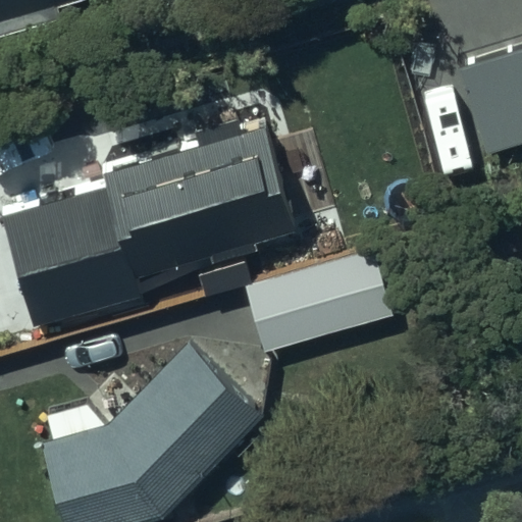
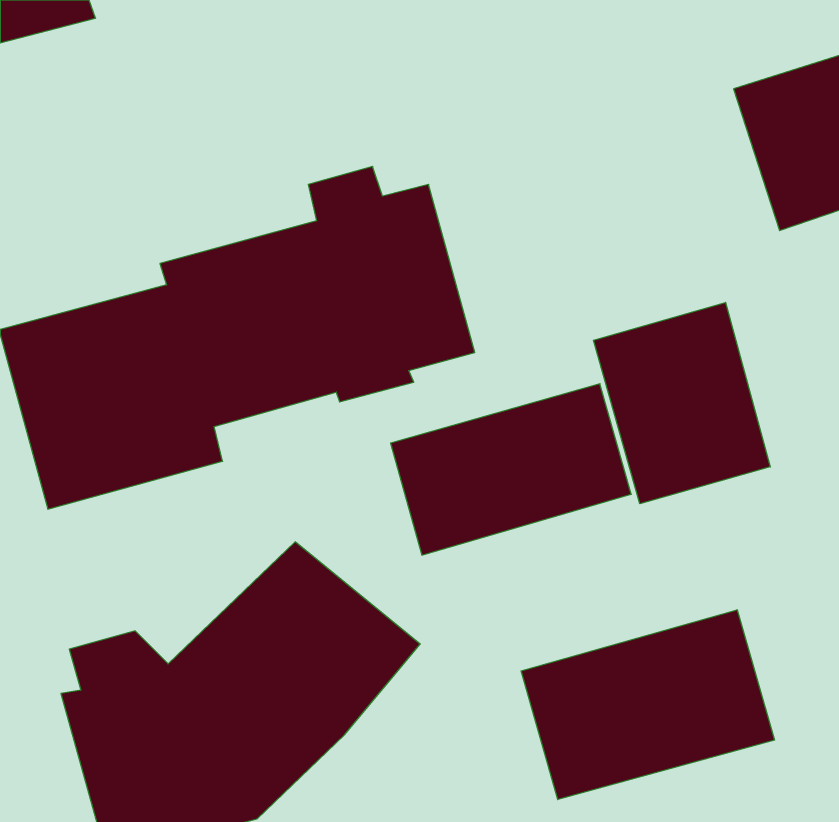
building: none -> [594,302,770,504]
building: none -> [521,610,774,800]

